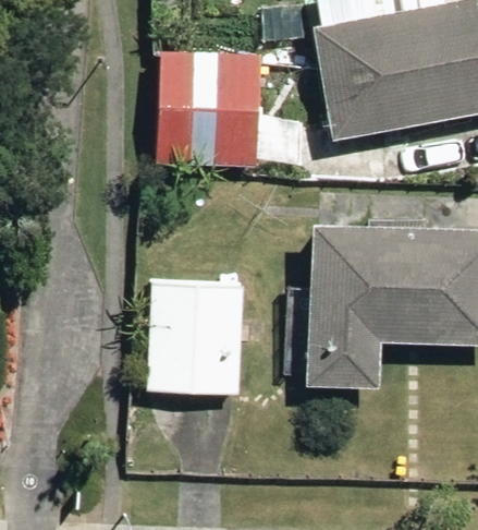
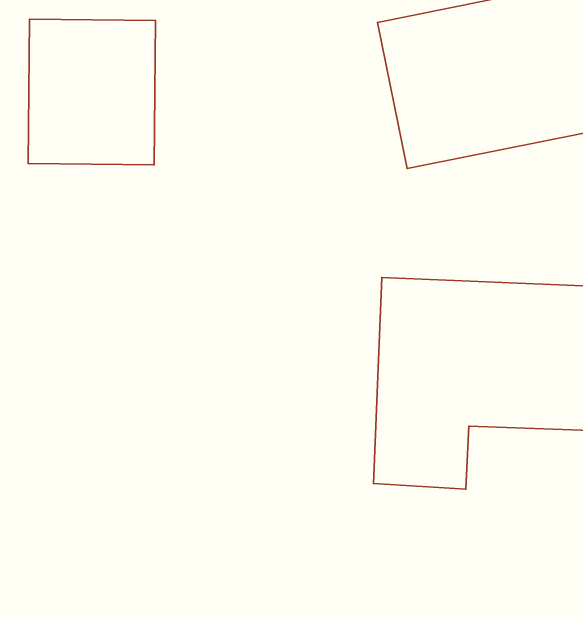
building: [158,50,257,164] -> [28,19,156,165]
building: [150,277,243,392] -> none

